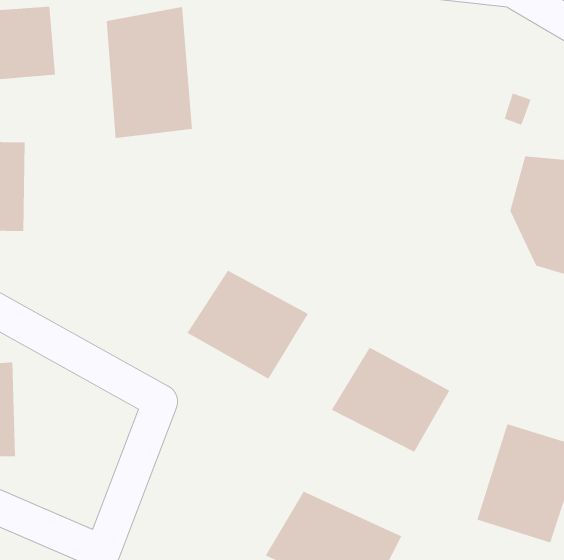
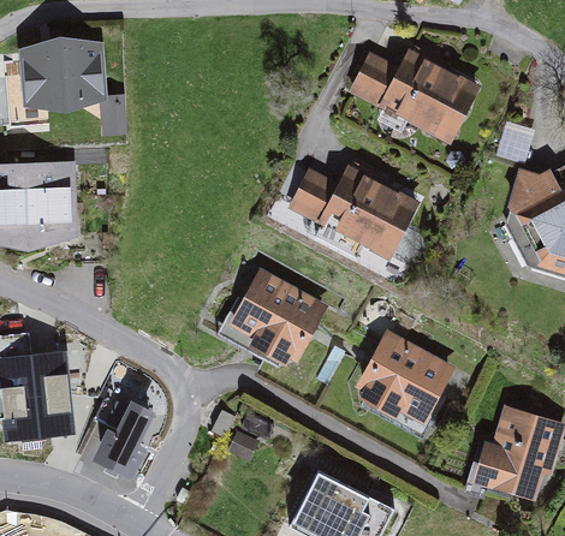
building: [106,6,193,139] -> none
building: none -> [349,46,482,143]
building: none -> [284,163,417,261]
building: none -> [82,397,149,477]

